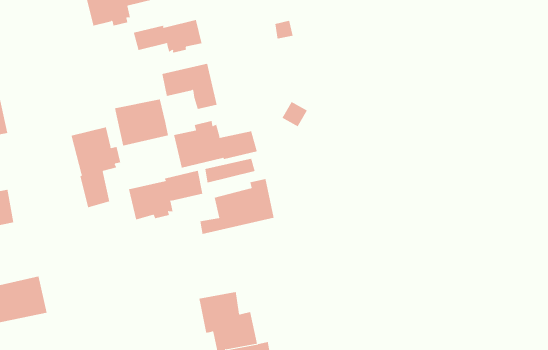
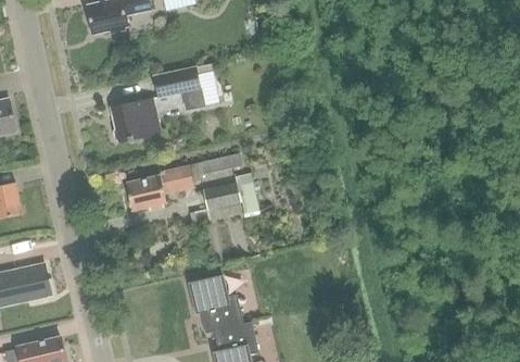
building: [133,19,202,54] -> none
building: [174,120,258,169] -> none
building: [71,127,121,208] -> none

